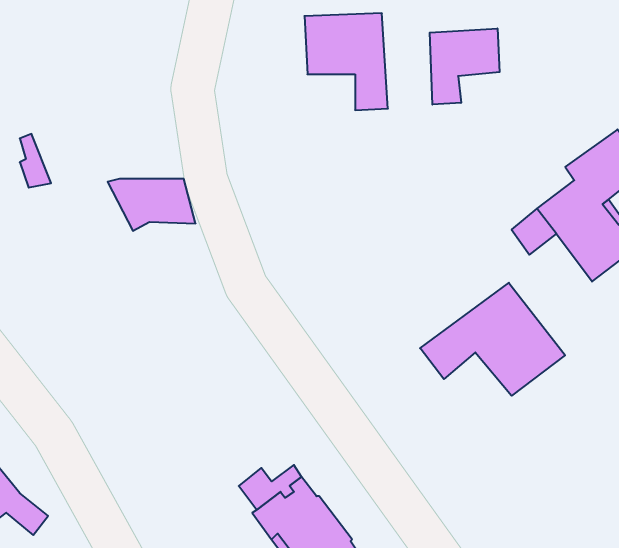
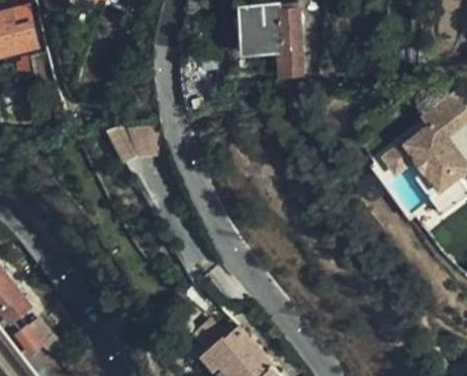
building: [430,28,500,105] -> none
building: [420,283,565,396] -> none

